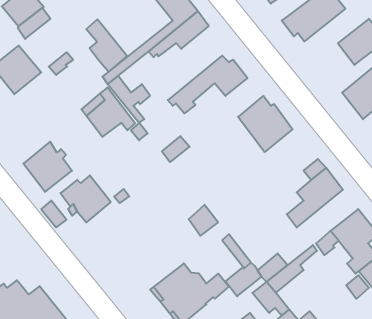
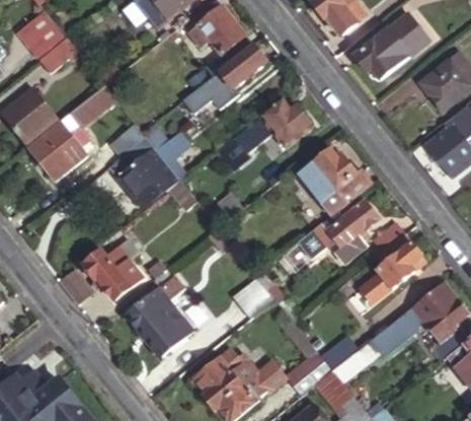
building: [86,19,127,72] -> none
building: none -> [295,200,378,267]
building: [23,142,72,192] -> [29,118,88,179]
building: none -> [127,276,190,357]

